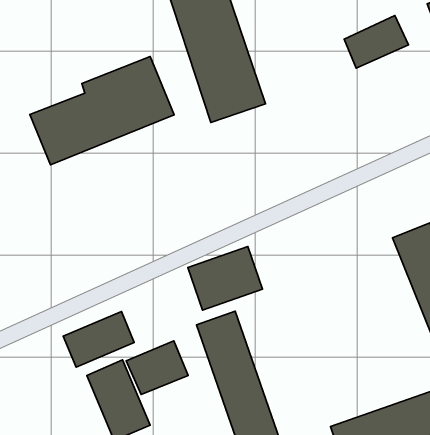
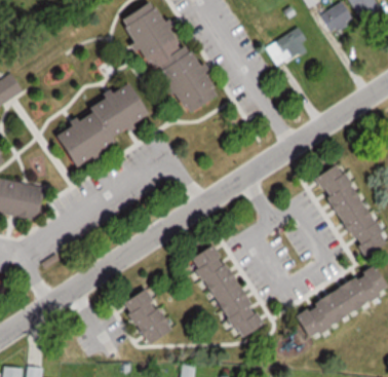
building: [188,246,263,310] -> none
building: [63,312,134,367] -> none
building: [126,341,188,394] -> none

